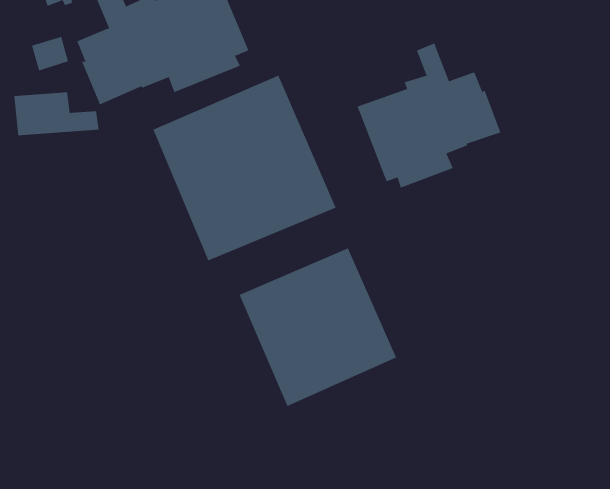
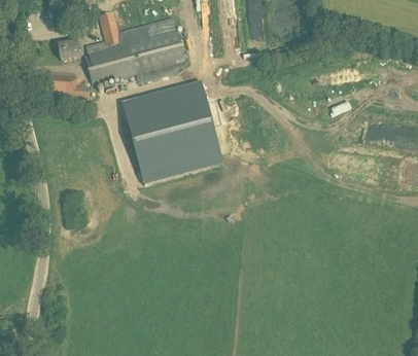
building: [357,42,501,189] -> none
building: [239,248,397,407] -> none

